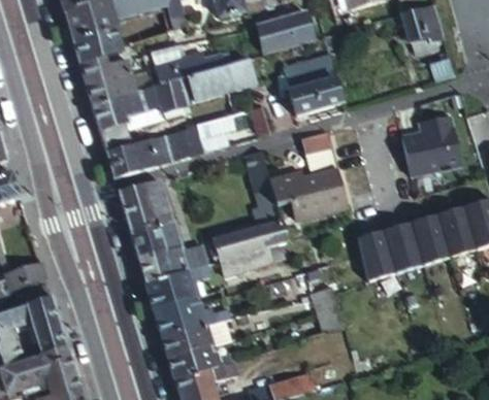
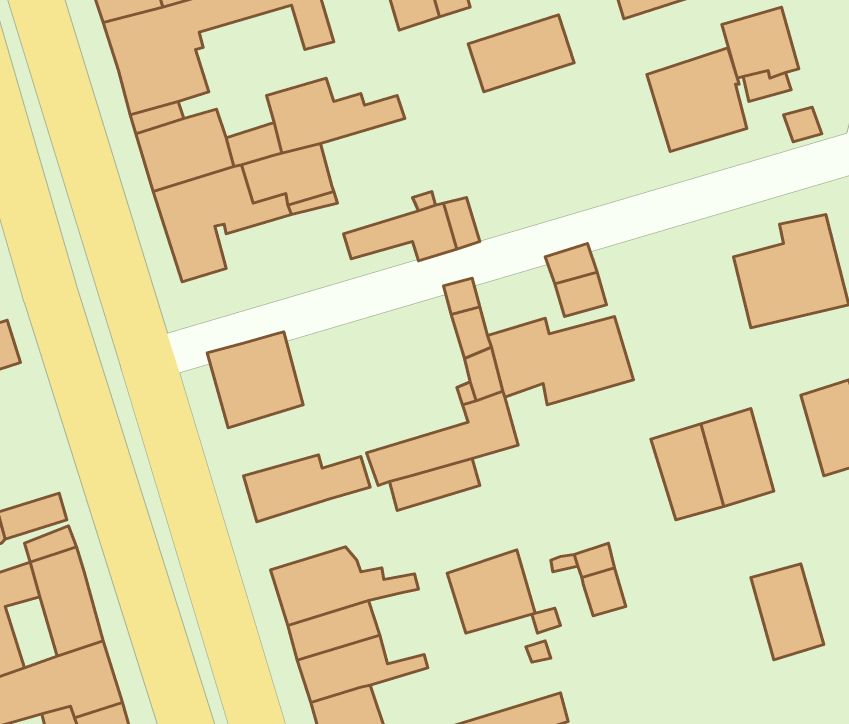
building: [182,58,257,101] -> none
building: [285,59,338,114] -> [647,48,747,151]
building: [107,127,200,176] -> none
building: [413,213,452,265] -> [751,564,824,660]
building: [132,219,181,257] -> none
building: [148,269,195,307] -> none
building: none -> [447,550,535,633]

